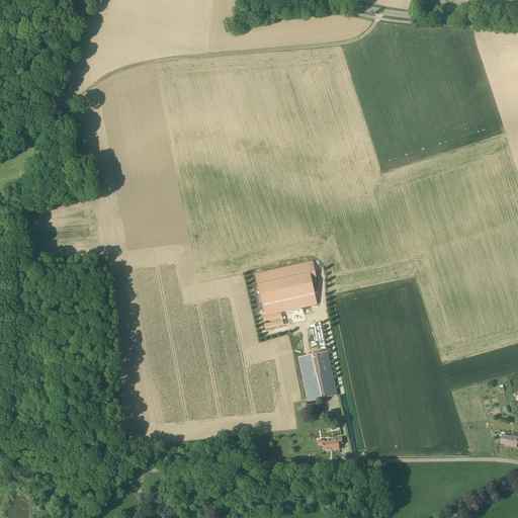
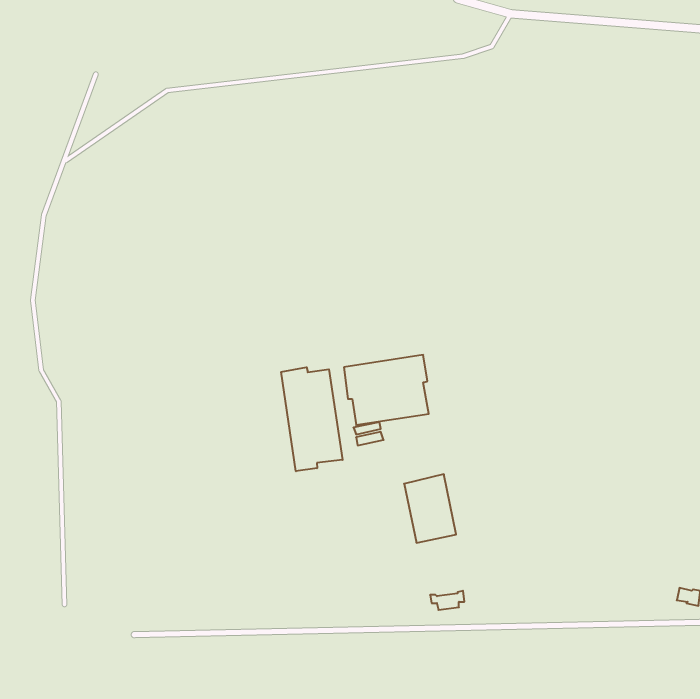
building: none -> [281,367,343,471]

